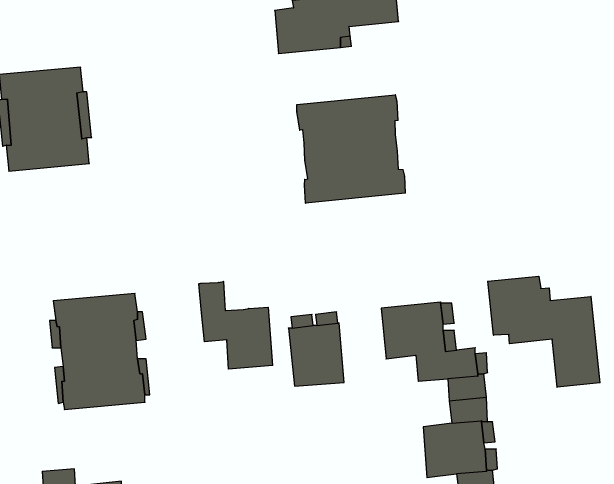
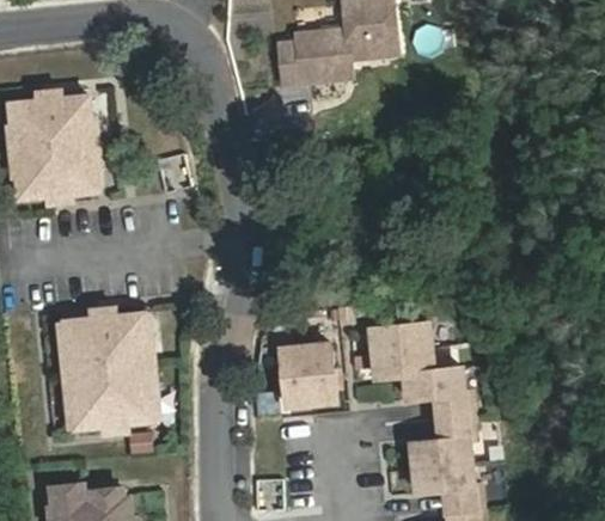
building: [297,95,405,203] -> none
building: [488,276,600,387] -> none
building: [199,281,273,369] -> none

